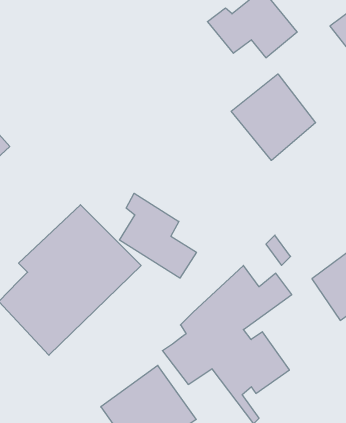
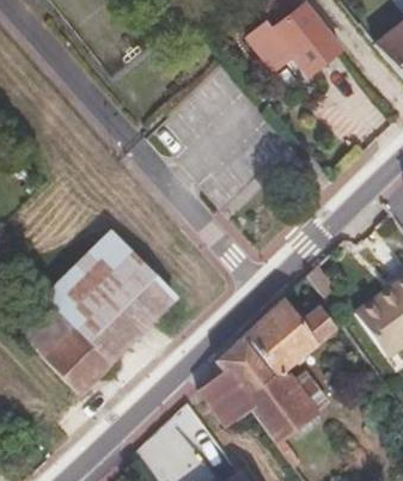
building: [231,74,316,160] -> none
building: [119,193,196,278] -> none

